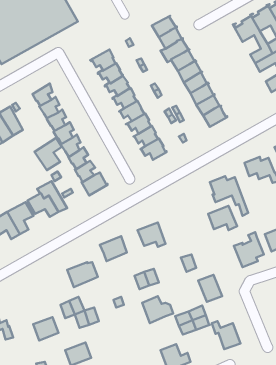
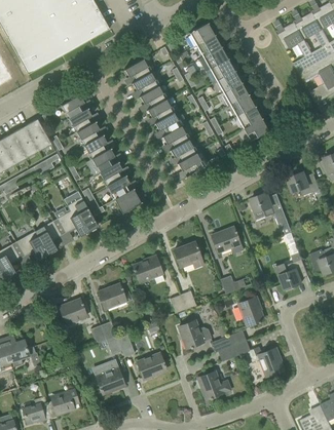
building: [34,138,62,170] -> none
building: [208,206,237,230] -> [211,227,242,252]
building: [33,317,58,340] -> [59,299,85,323]
building: none -> [137,352,165,378]

